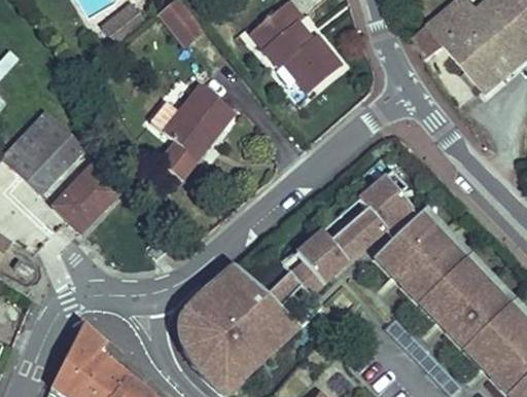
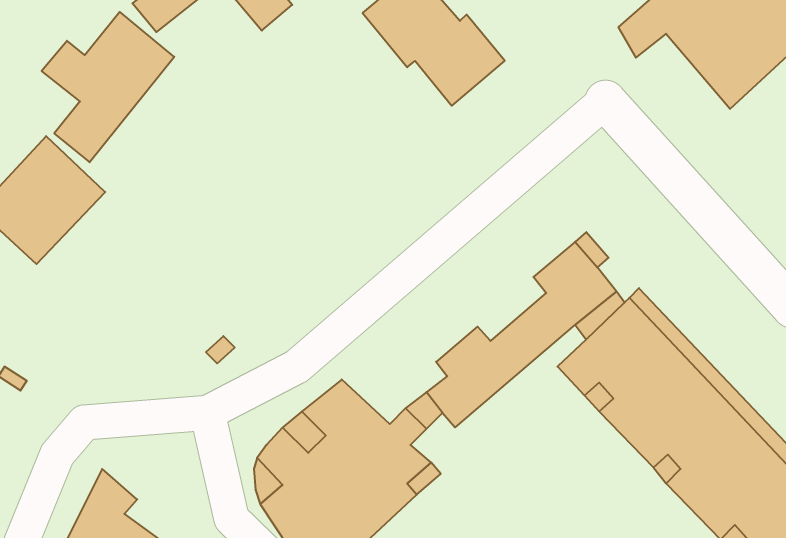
building: [149,82,235,179] -> [42,12,174,162]
building: [52,163,119,230] -> none

